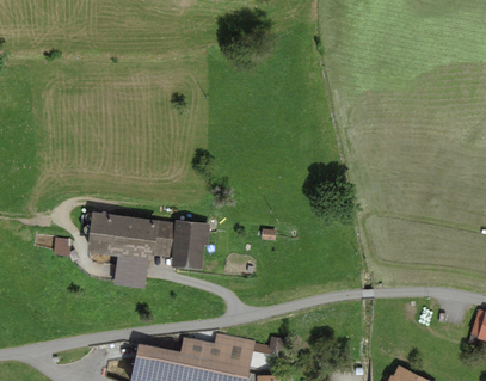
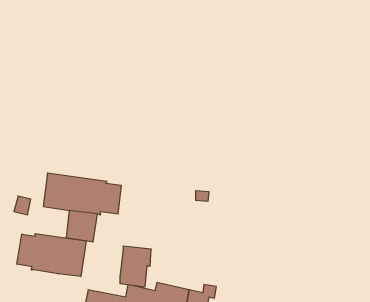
building: [173,220,209,266] -> [120,246,151,287]
building: none -> [17,234,86,277]

